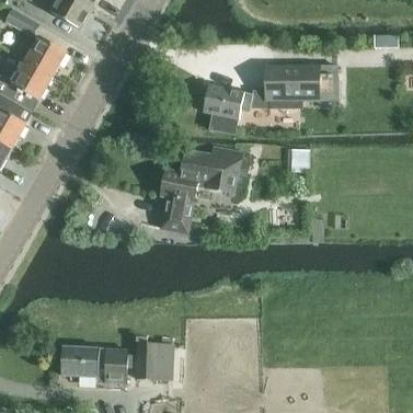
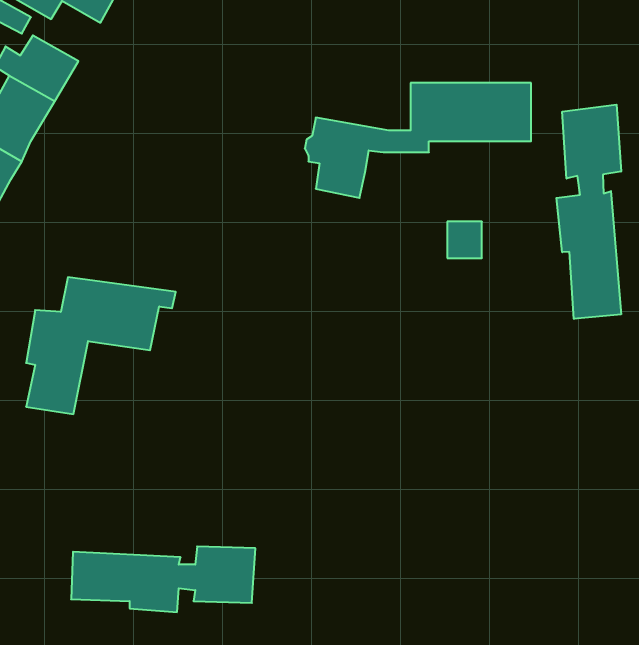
building: none -> [556,105,621,319]
building: [160,149,250,231] -> [26,277,176,414]

